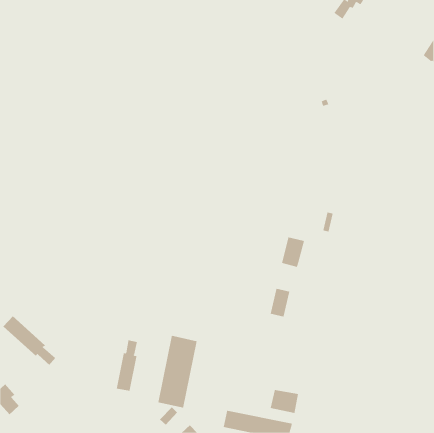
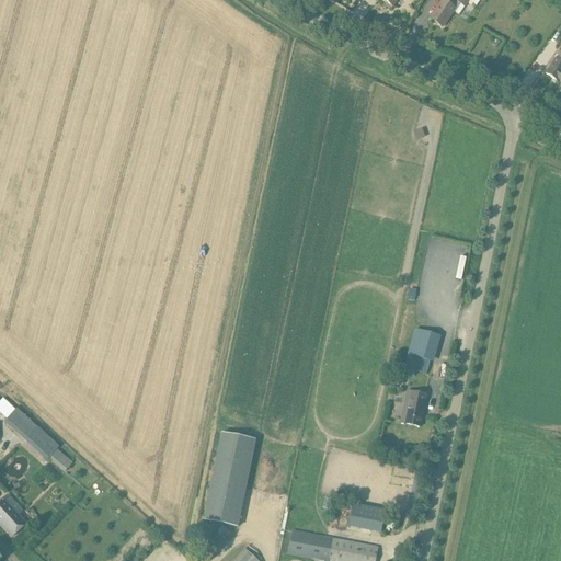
building: [281,237,305,267] -> [405,328,436,367]
building: [270,288,290,317] -> [399,389,425,426]
building: [116,339,137,392] -> none

